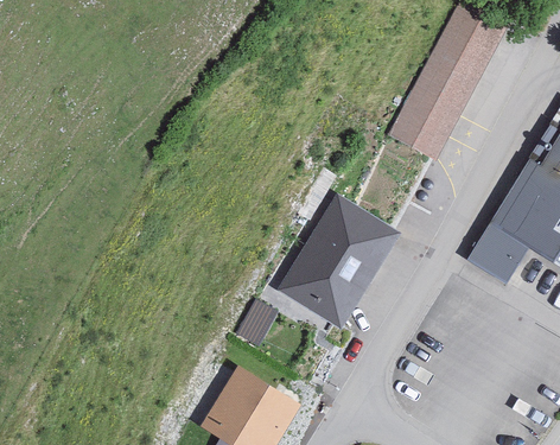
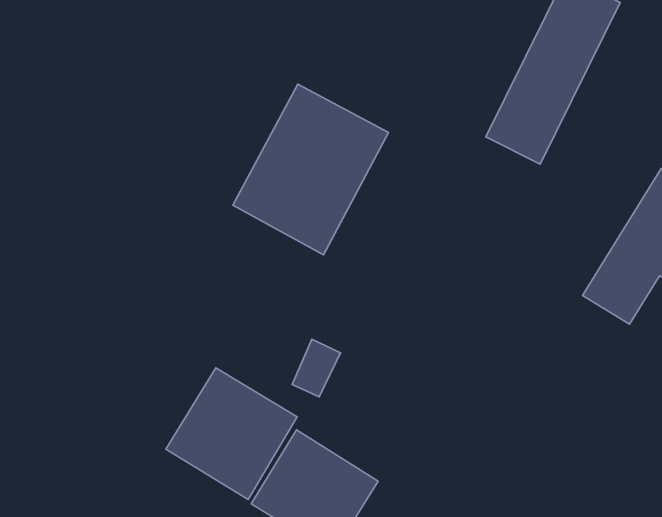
building: [281,197,403,331] -> [233,84,389,255]
building: none -> [166,368,297,499]

